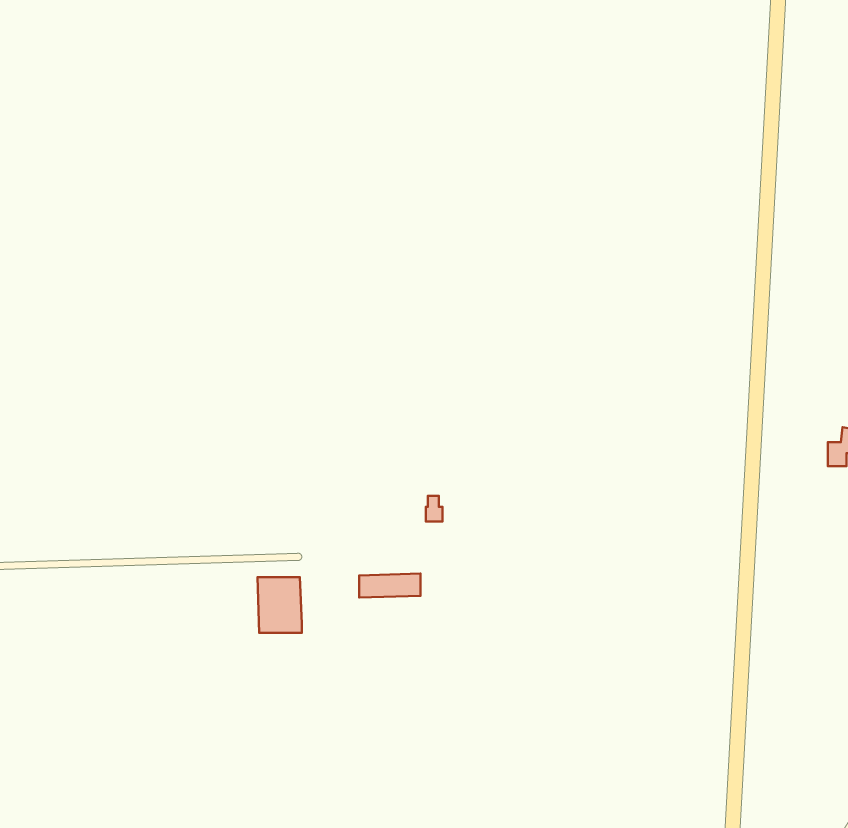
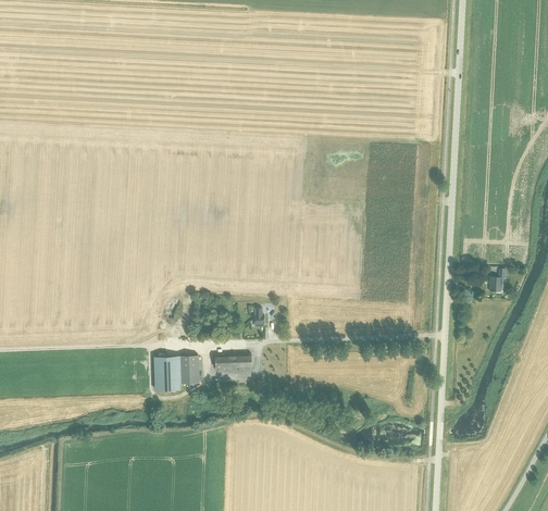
building: none -> [179,357,200,385]

